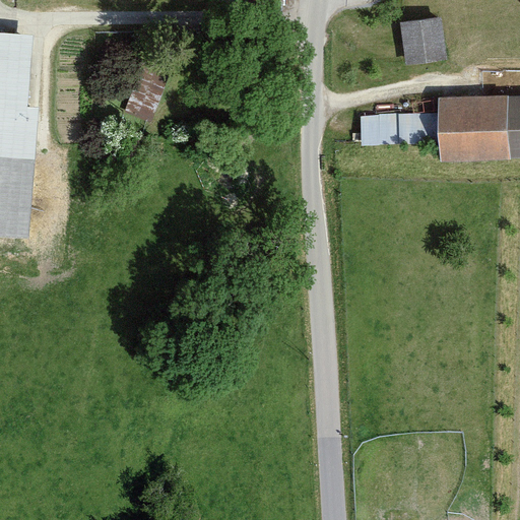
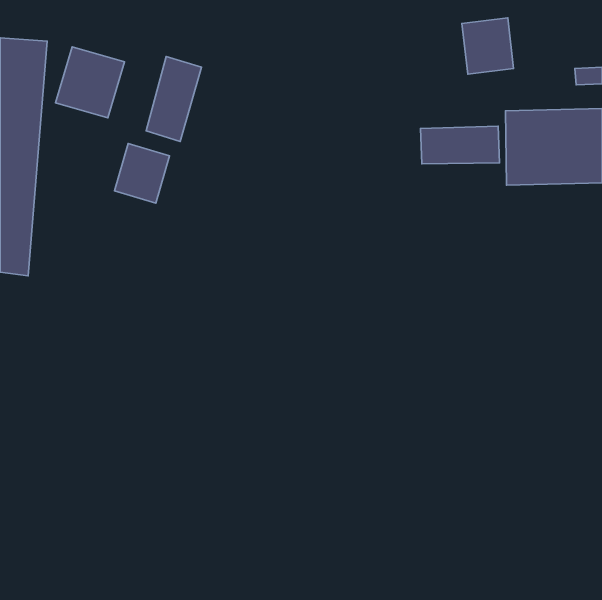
building: none -> [56,47,125,118]
building: none -> [115,144,169,203]

